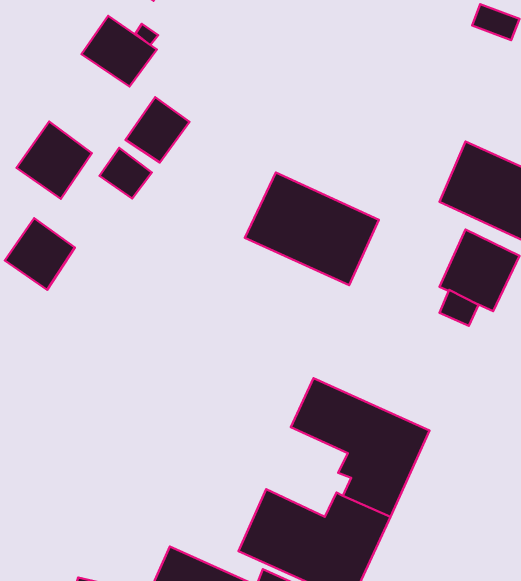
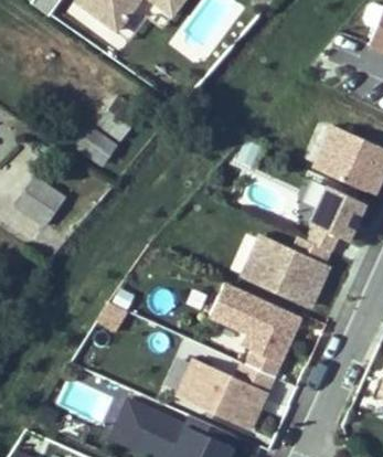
building: [82,16,157,86] -> none
building: [17,121,92,199] -> none
building: [245,173,379,285] -> [240,234,330,310]

